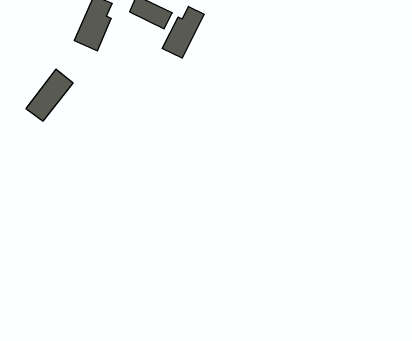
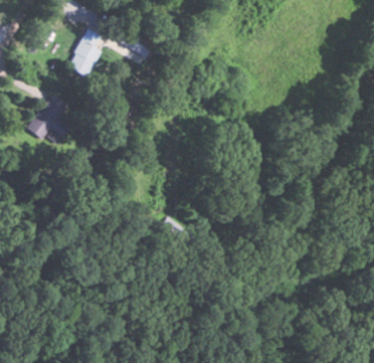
building: [162,6,204,58] -> none

